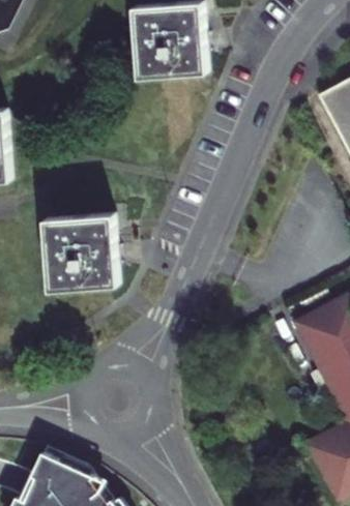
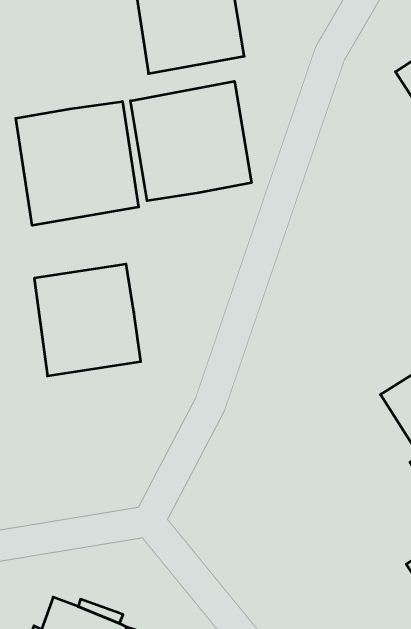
building: none -> [130,81,251,201]
building: none -> [16,101,139,225]

